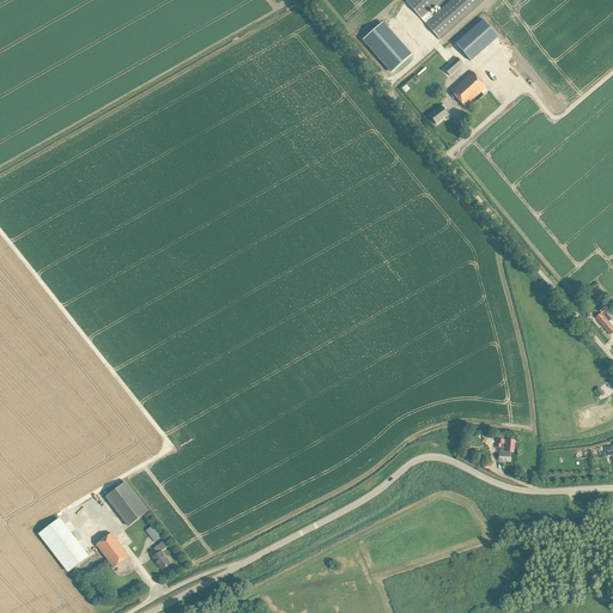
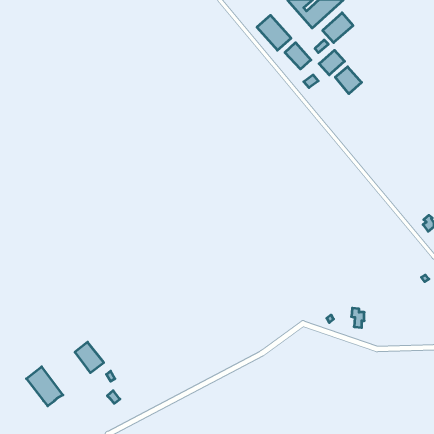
building: none -> [285,43,311,69]
building: none -> [335,67,362,94]
building: [95,532,128,566] -> none

